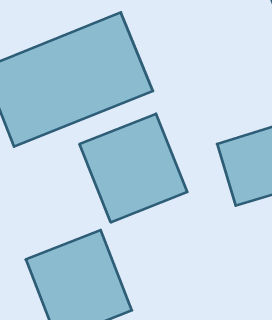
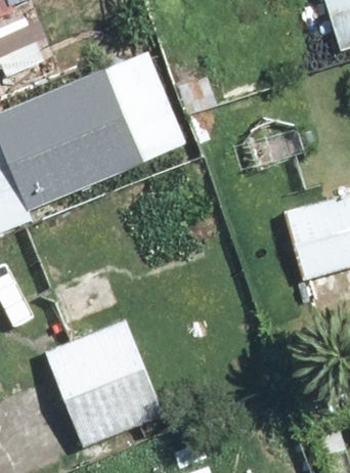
building: [80,114,187,222] -> none

